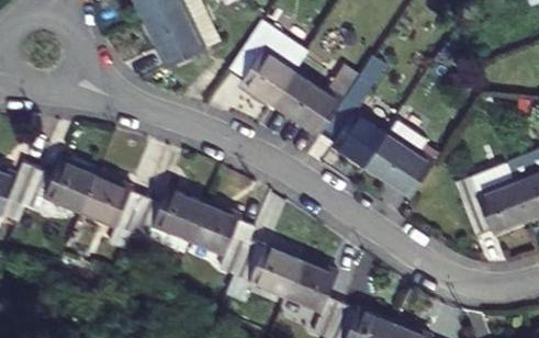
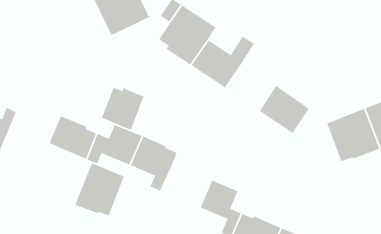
building: [323,104,390,169] -> none
building: none -> [101,87,145,131]
building: [24,159,99,214] -> none
building: none -> [74,162,125,216]
building: [234,241,303,300] -> none

